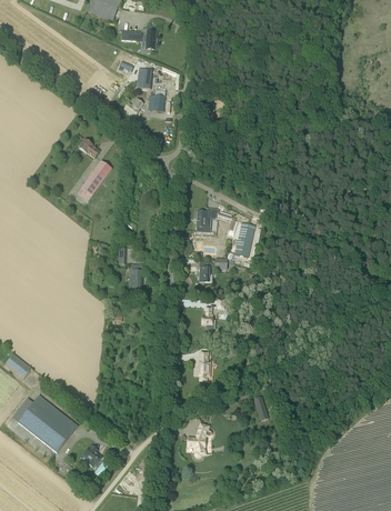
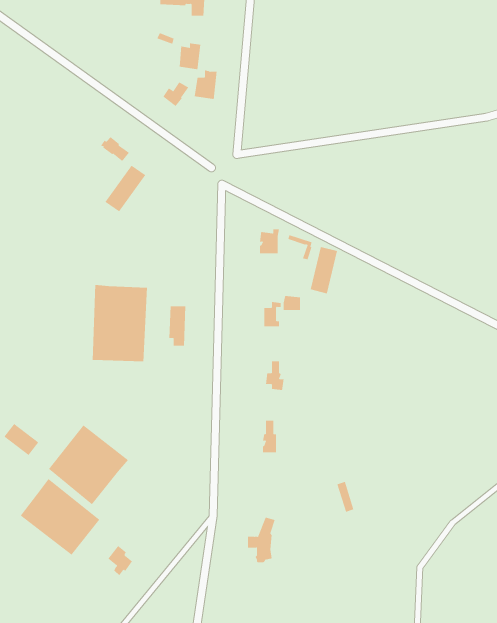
building: none -> [92,284,147,362]
building: none -> [48,425,129,505]

